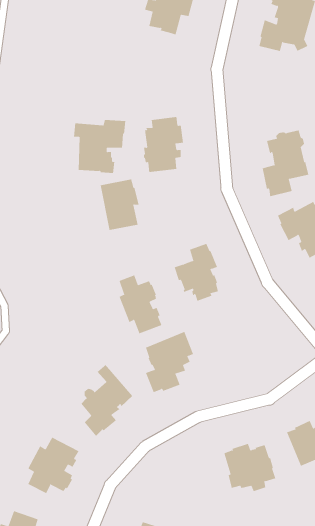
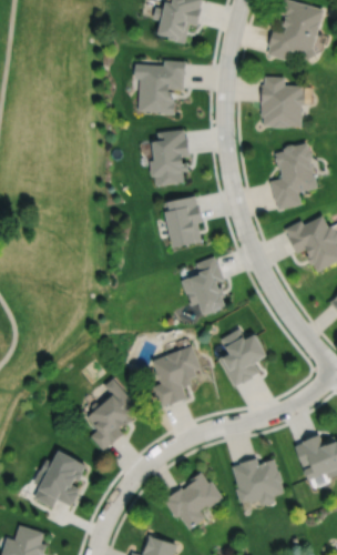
building: none -> [261,75,304,125]
building: [73,120,126,174] -> [132,62,185,117]
building: [100,179,140,230] -> [163,194,203,246]
building: [119,274,162,334] -> none
building: none -> [218,329,268,386]
building: none -> [163,472,222,529]

